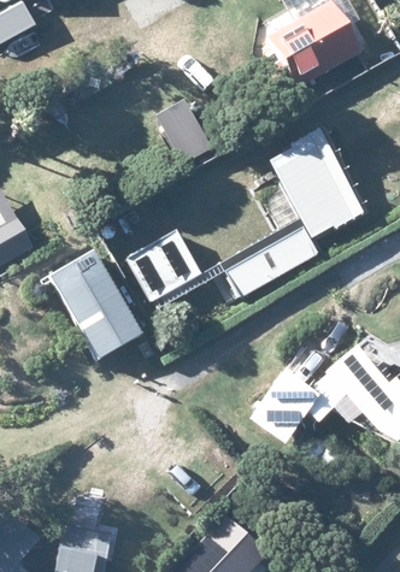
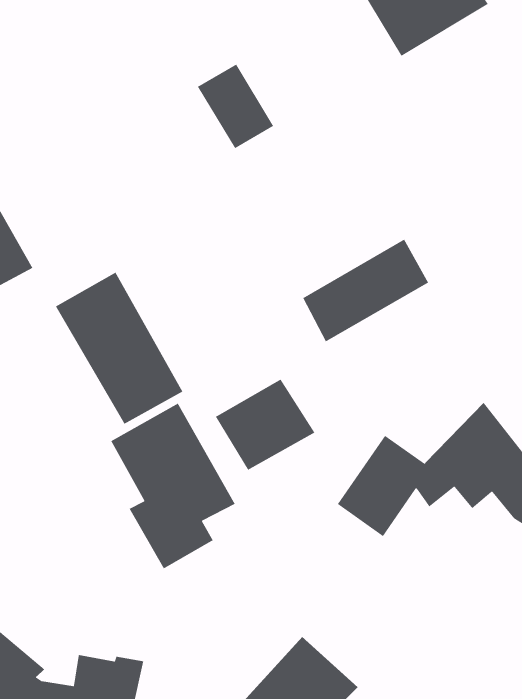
building: [258,135,364,240] -> none
building: [128,236,201,303] -> [215,378,315,471]
building: none -> [110,402,236,569]

